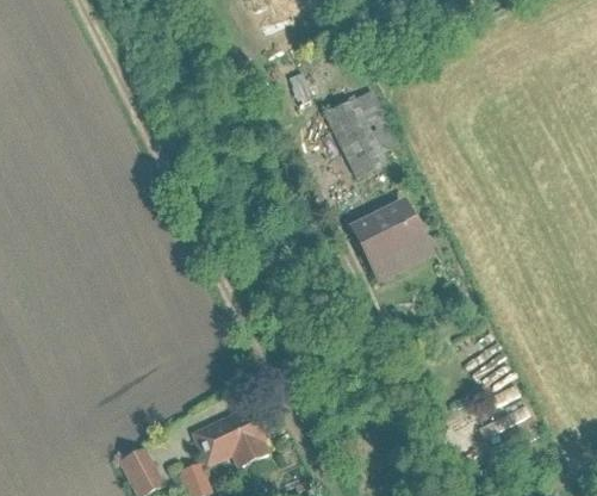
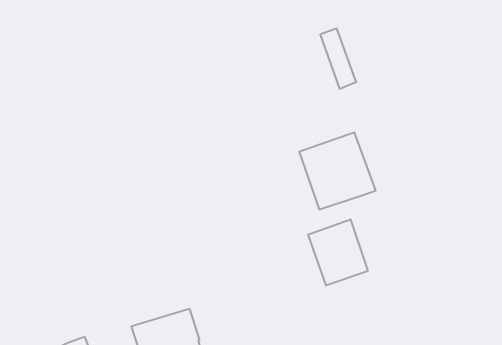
building: [325,98,387,176] -> none
building: none -> [308,219,368,286]

